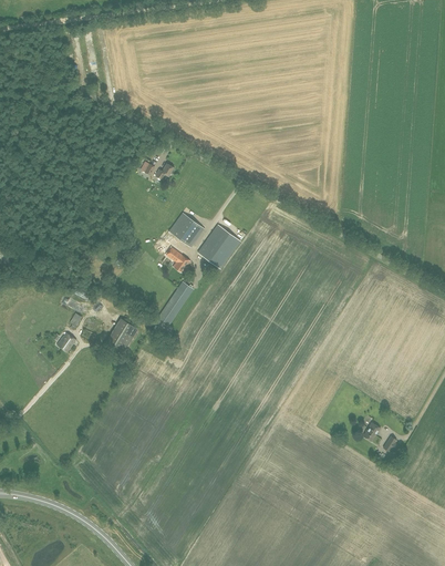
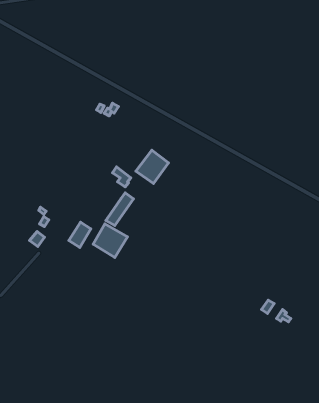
building: [167,212,204,246] -> none
building: none -> [93,224,127,257]

